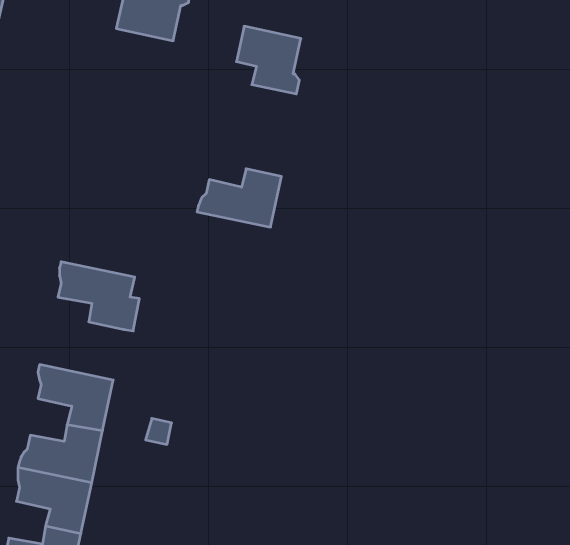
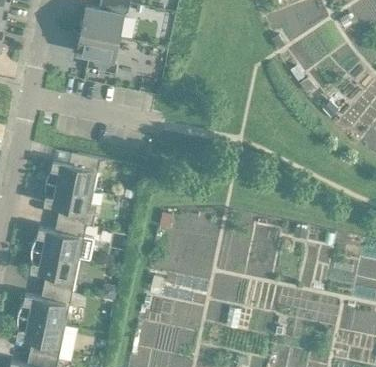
building: [236,26,301,94] -> [75,30,117,74]
building: [197,169,281,227] -> [44,154,99,192]
building: none -> [30,221,85,259]

